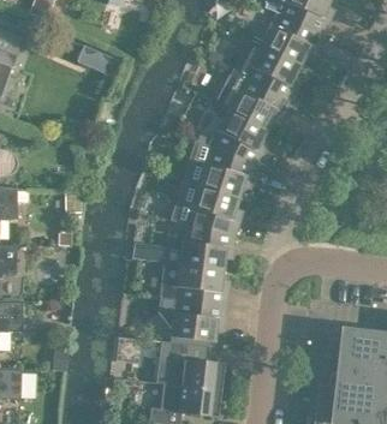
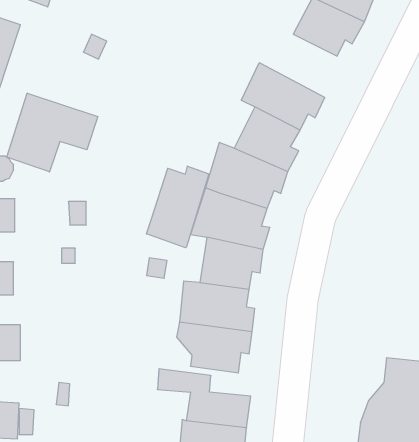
building: [232,37,299,100] -> none
building: none -> [7,93,98,172]
building: none -> [146,166,209,248]

